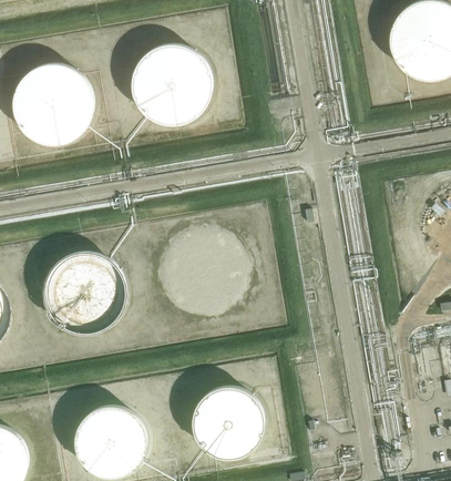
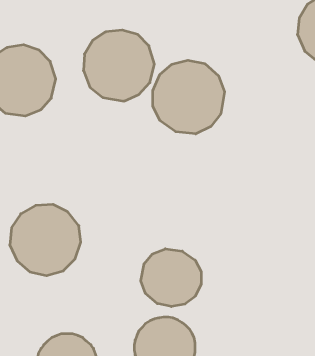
building: none -> [153,60,225,134]
building: none -> [141,249,201,307]

